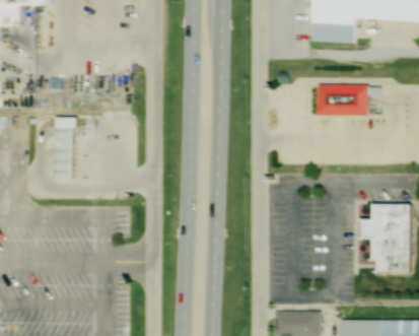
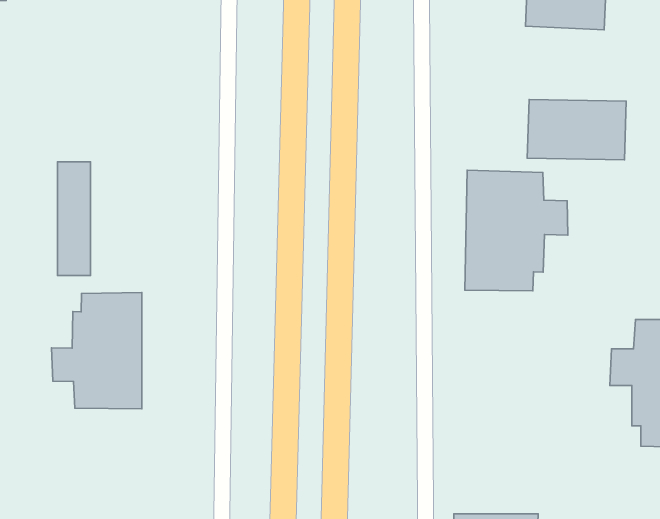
building: none -> [465,170,568,291]
building: none -> [51,293,142,409]

